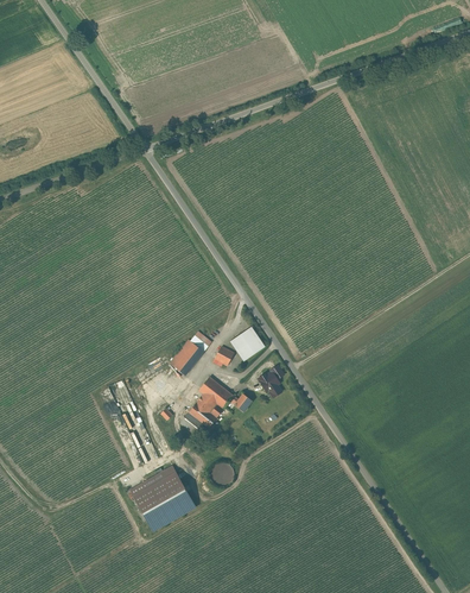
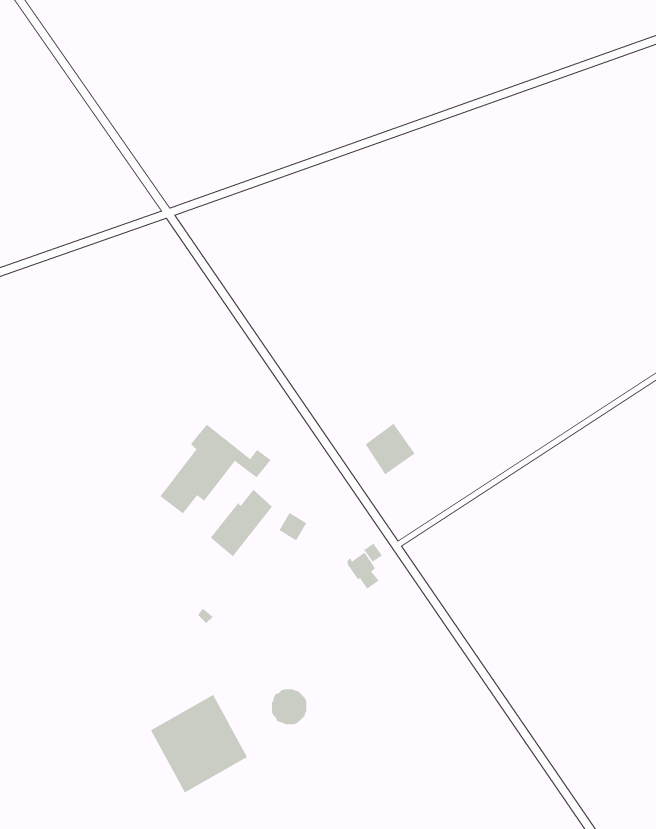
building: [230,327,263,361] -> [365,423,415,475]
building: [178,377,252,436] -> [160,424,271,514]

